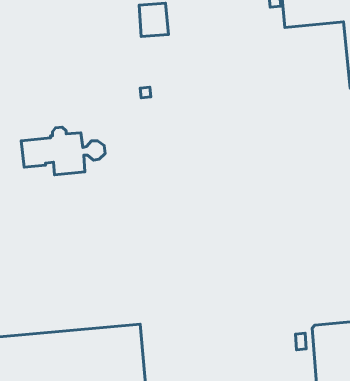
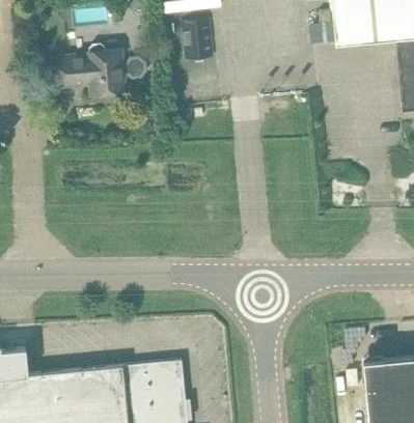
building: [21,127,105,175] -> [57,44,146,94]

